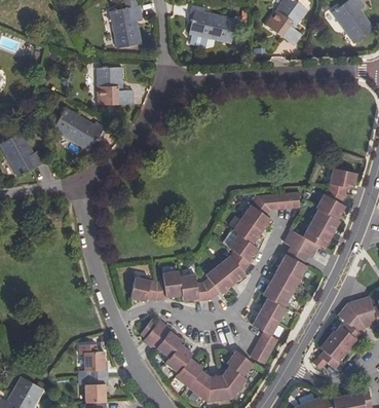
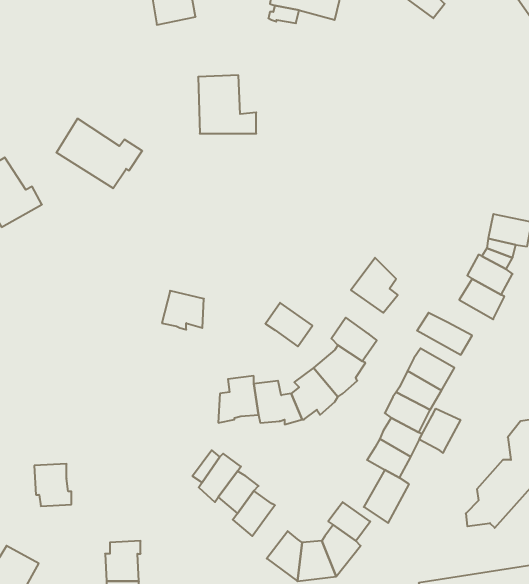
building: [97,67,134,104] -> [198,75,256,134]
building: [256,191,298,209] -> none
building: [231,216,261,244] -> [265,303,312,346]
building: [302,222,331,248] -> none
building: [130,276,157,301] -> [162,291,204,330]
building: none -> [419,409,460,453]
building: [83,349,107,376] -> [34,464,71,506]
building: [174,357,201,386] -> none

